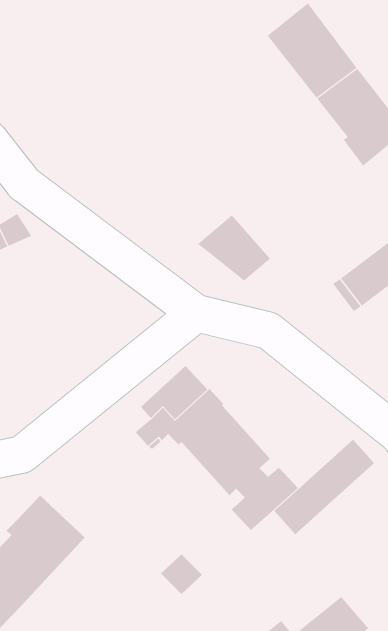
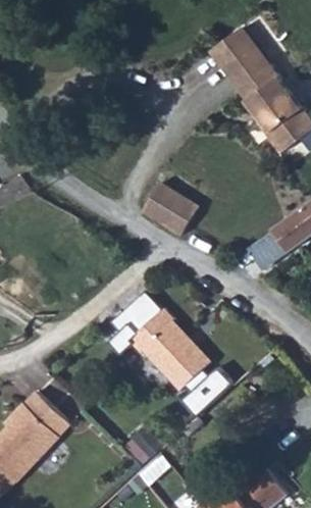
building: [273,439,375,535] -> none

